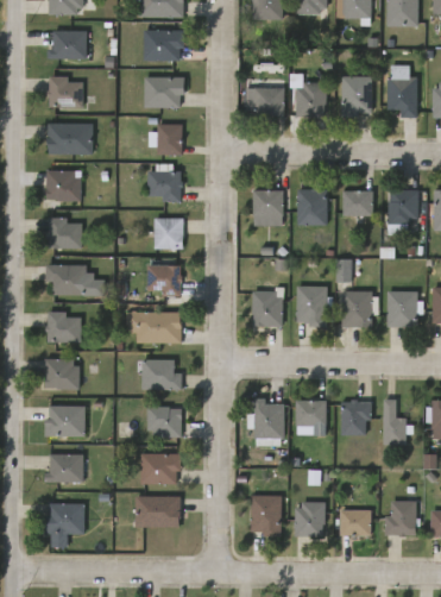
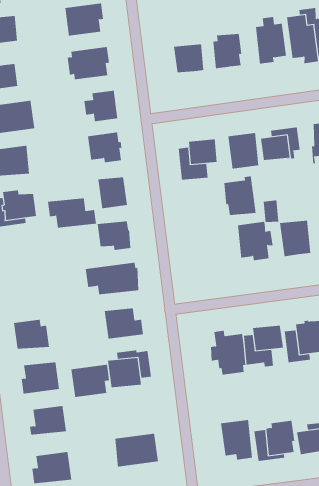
building: [48,263,97,294] -> [47,198,97,228]
building: [253,287,285,327] -> [224,176,257,216]
building: [44,310,80,343] -> none
building: [139,453,179,484] -> [71,364,110,398]

